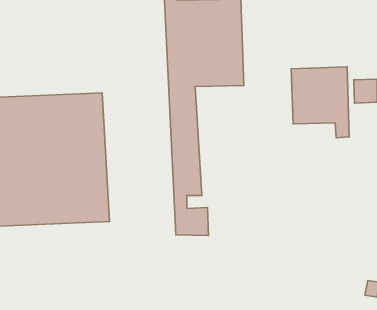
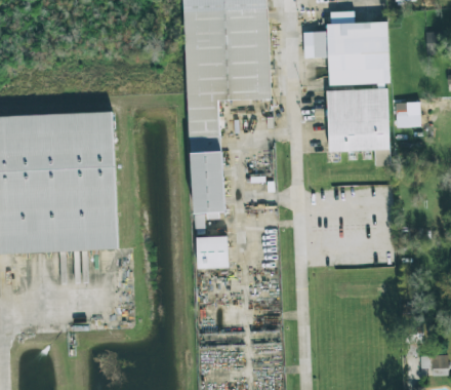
building: none -> [301,16,387,82]

